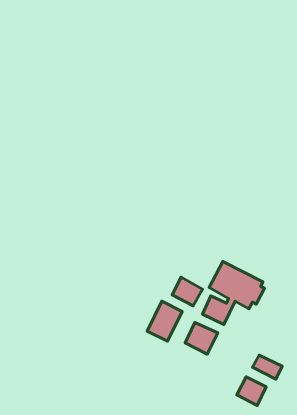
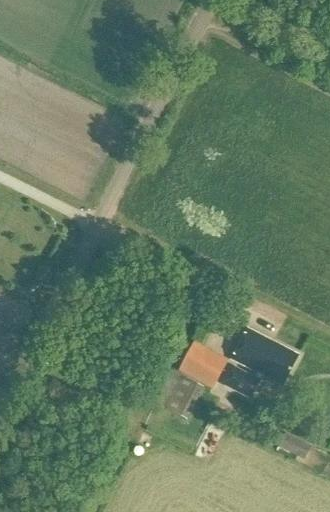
building: [185,322,218,354] -> none
building: [237,377,266,406] -> none

